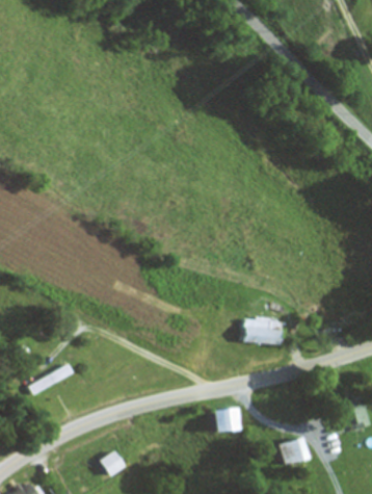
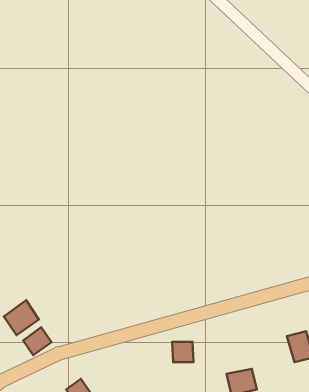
building: [239,318,277,342] -> none
building: none -> [23,327,52,355]

